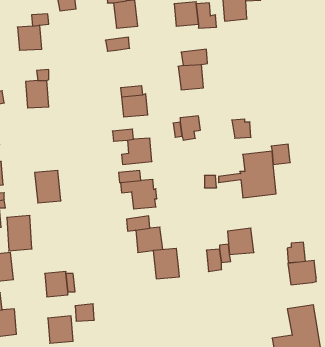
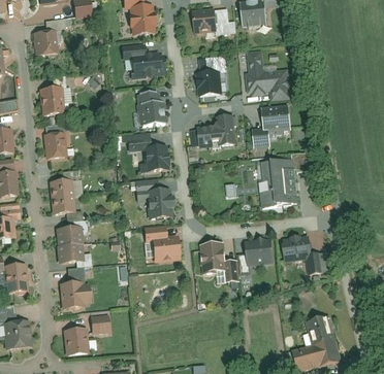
building: none -> [247,50,291,99]
building: none -> [133,53,164,77]
building: none -> [261,104,291,130]
building: none -> [216,114,236,145]
building: none -> [43,132,67,158]
building: [7,216,32,251] -> [58,227,84,263]
building: [153,248,179,279] -> [199,242,226,273]
building: [288,260,316,285] -> [283,236,312,261]

